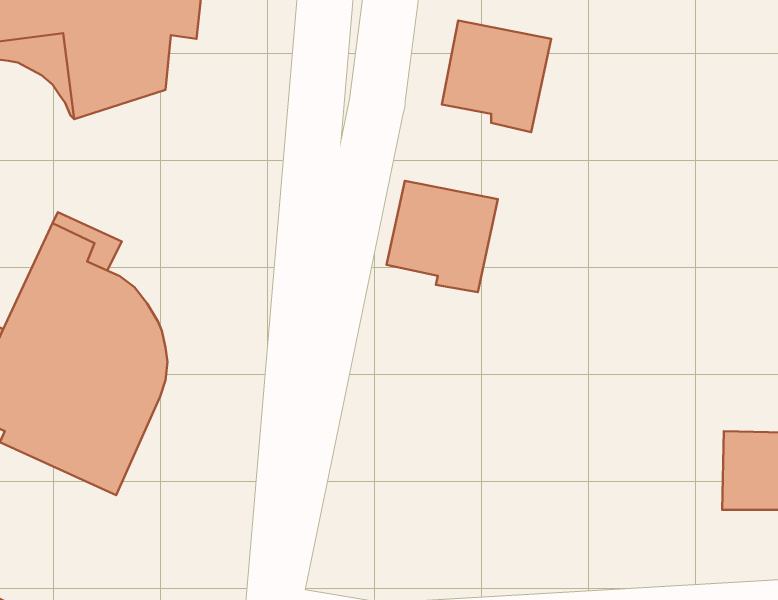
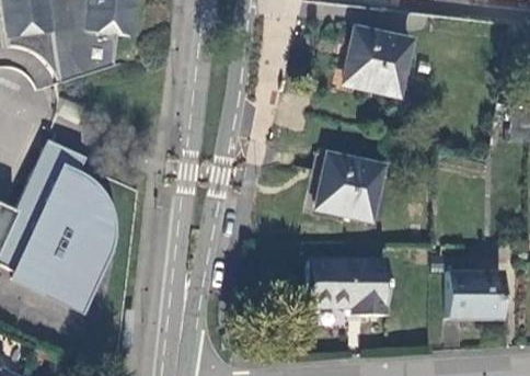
building: [442,21,551,132] -> [344,29,410,95]
building: [387,181,498,292] -> [315,153,382,220]
building: none -> [308,258,387,317]

